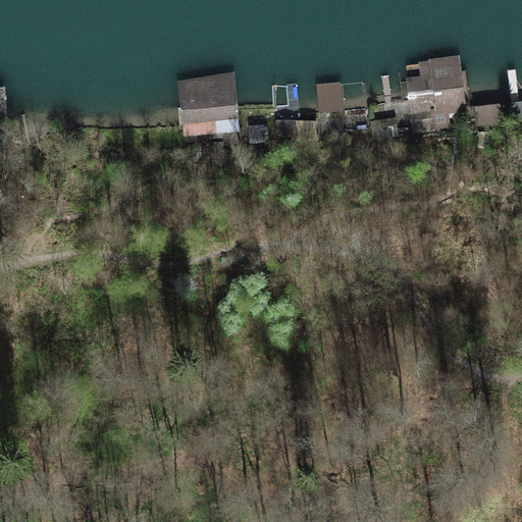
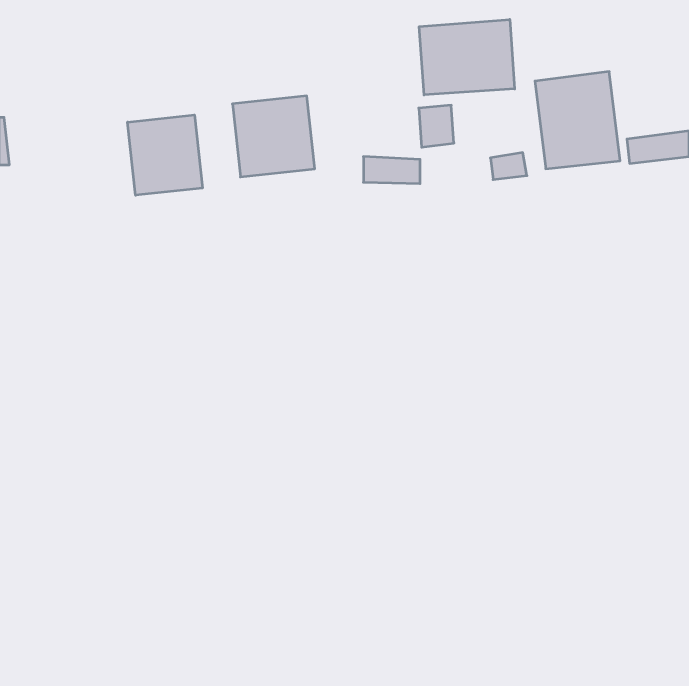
building: none -> [419,19,515,95]
building: none -> [128,115,202,195]

